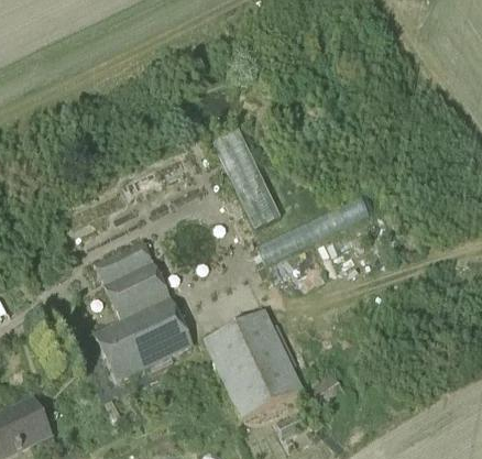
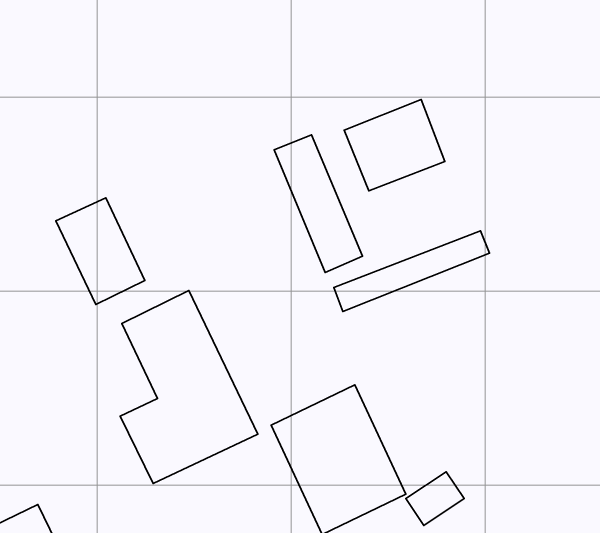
building: none -> [344,100,445,191]
building: none -> [56,198,145,305]

